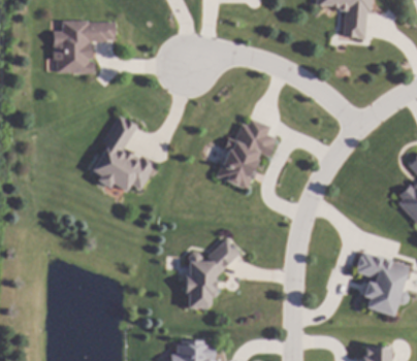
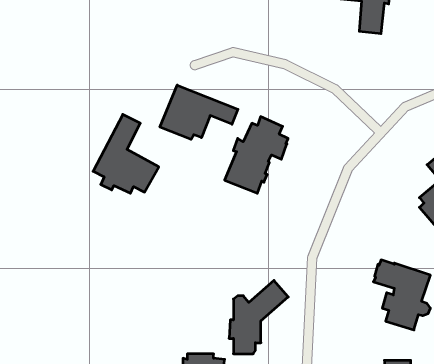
building: [54,22,116,72] -> none
building: none -> [160,85,238,139]
building: [185,238,240,307] -> [229,280,288,354]

